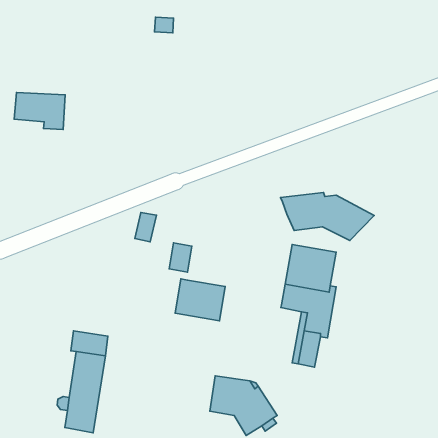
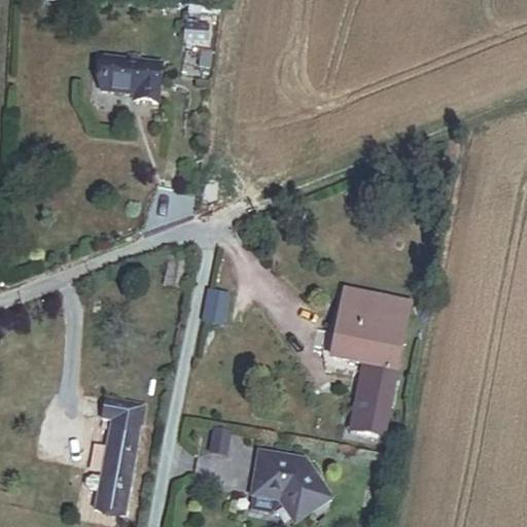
building: [14,92,65,130] -> [98,57,159,101]
building: [281,192,374,240] -> none
building: [175,279,225,321] -> none

